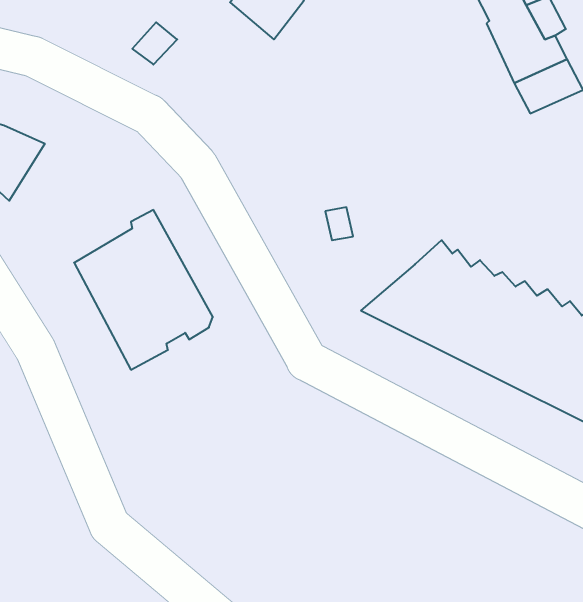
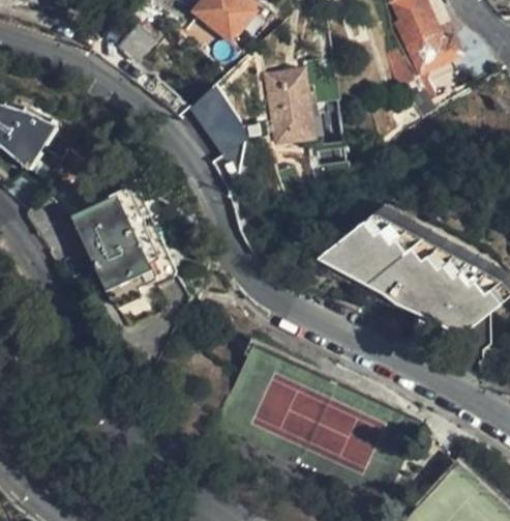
building: none -> [261,70,306,140]
building: none -> [185,92,248,162]

